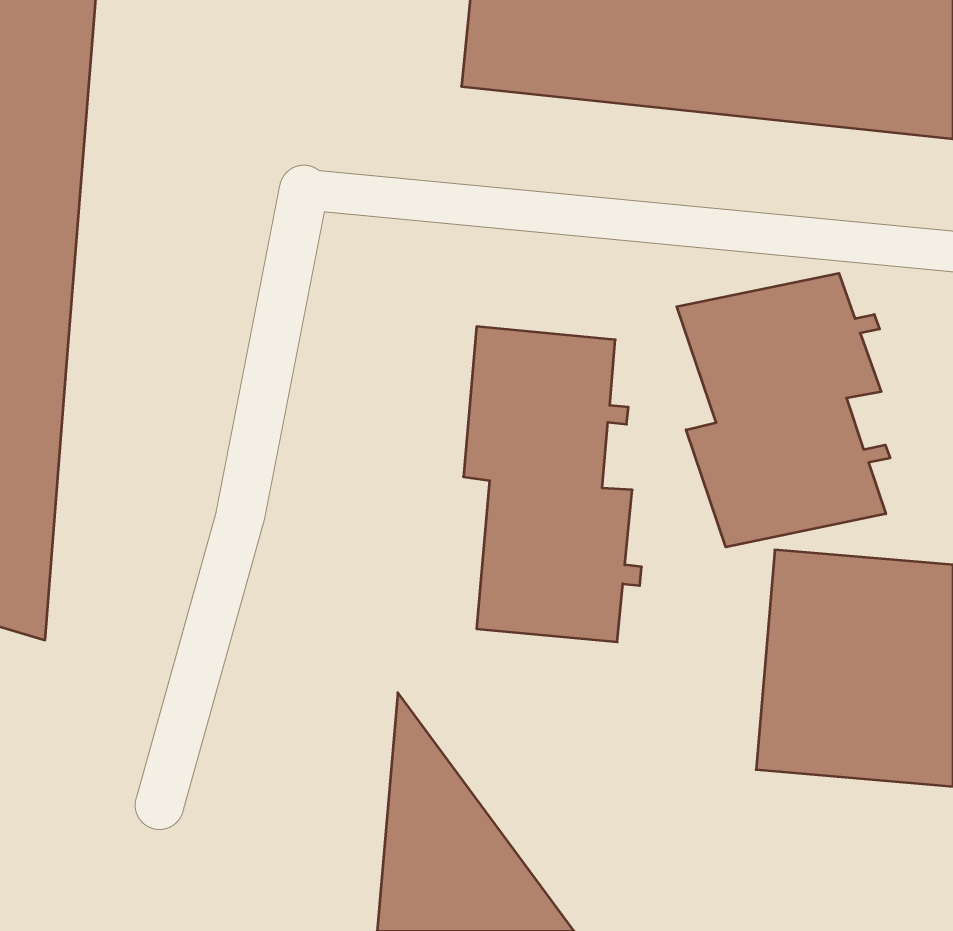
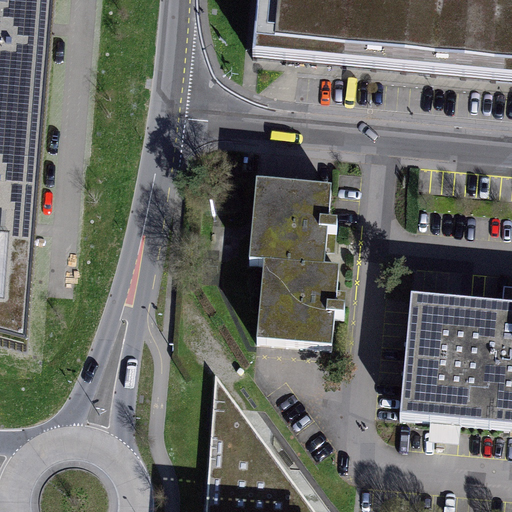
building: [677,273,890,547] -> none

